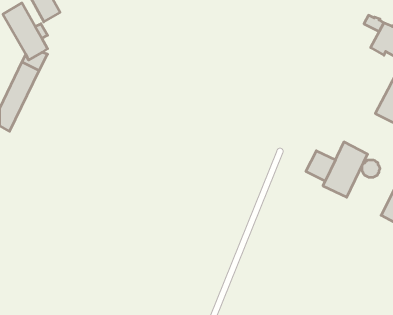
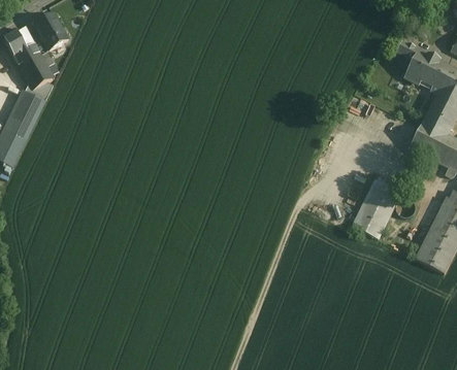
building: [306,151,335,181] -> none

